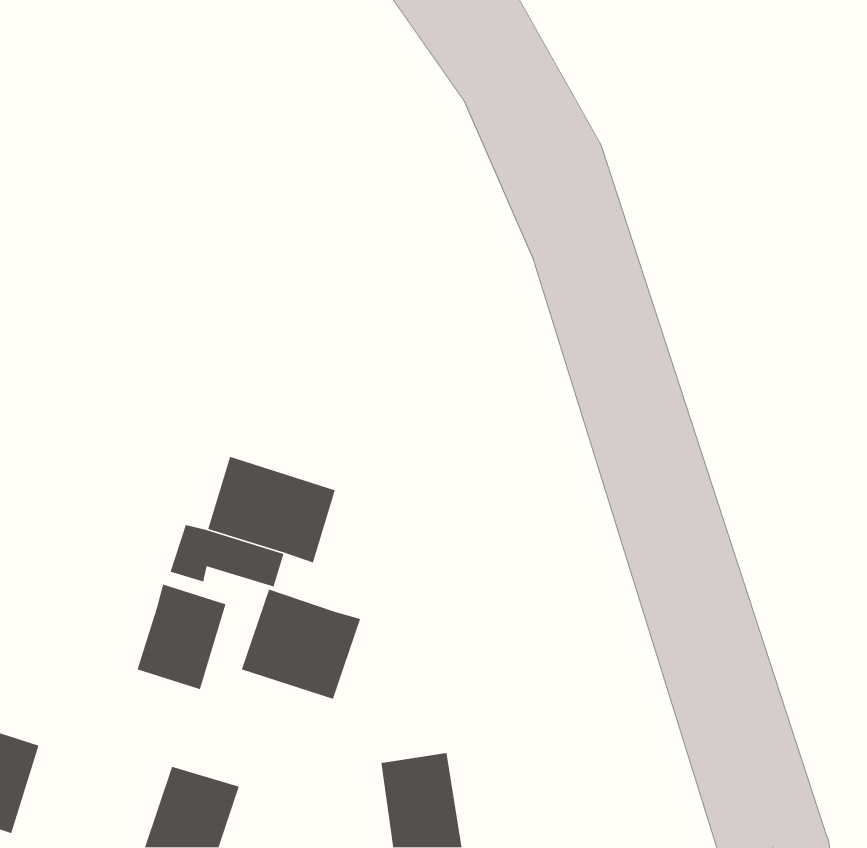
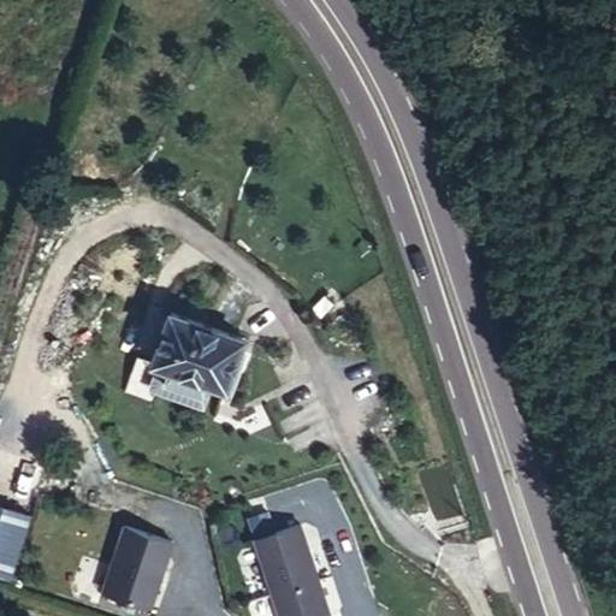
building: [137,583,227,690] -> none
building: [241,589,361,700] -> none

